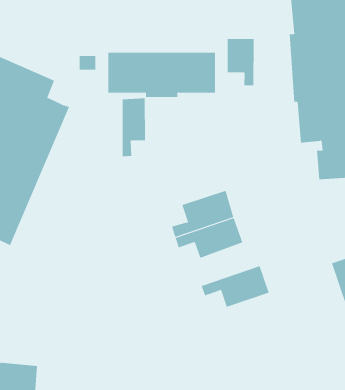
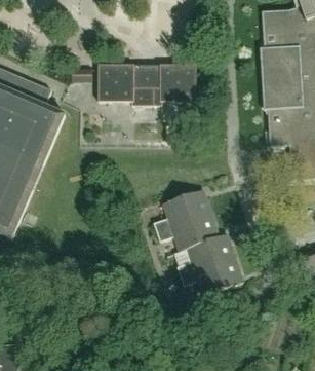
building: [227,38,254,86] -> none
building: [122,98,146,157] -> none
building: none -> [179,233,235,275]

